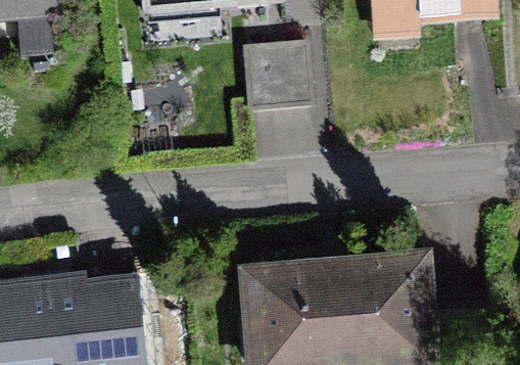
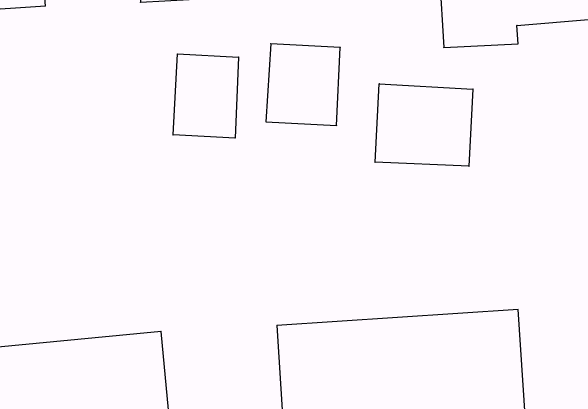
building: none -> [173,54,239,138]
building: none -> [375,84,473,166]

